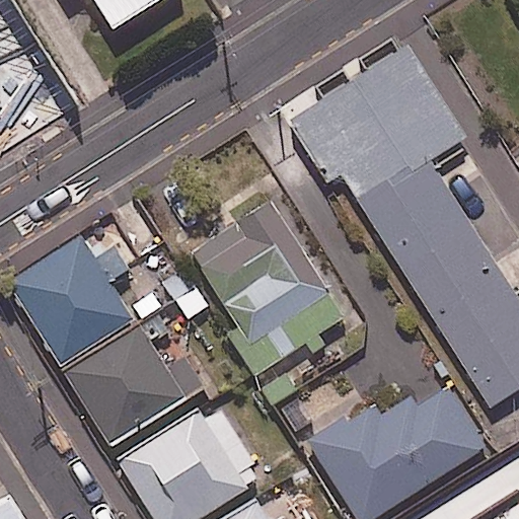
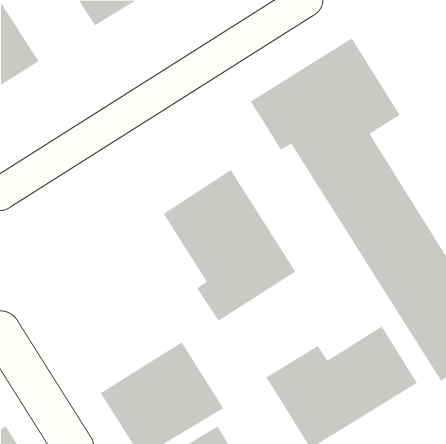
building: [6,235,133,365] -> none
building: [64,314,204,444] -> none

